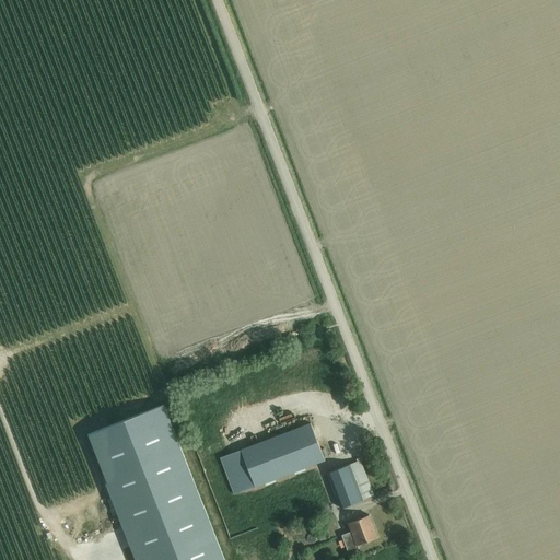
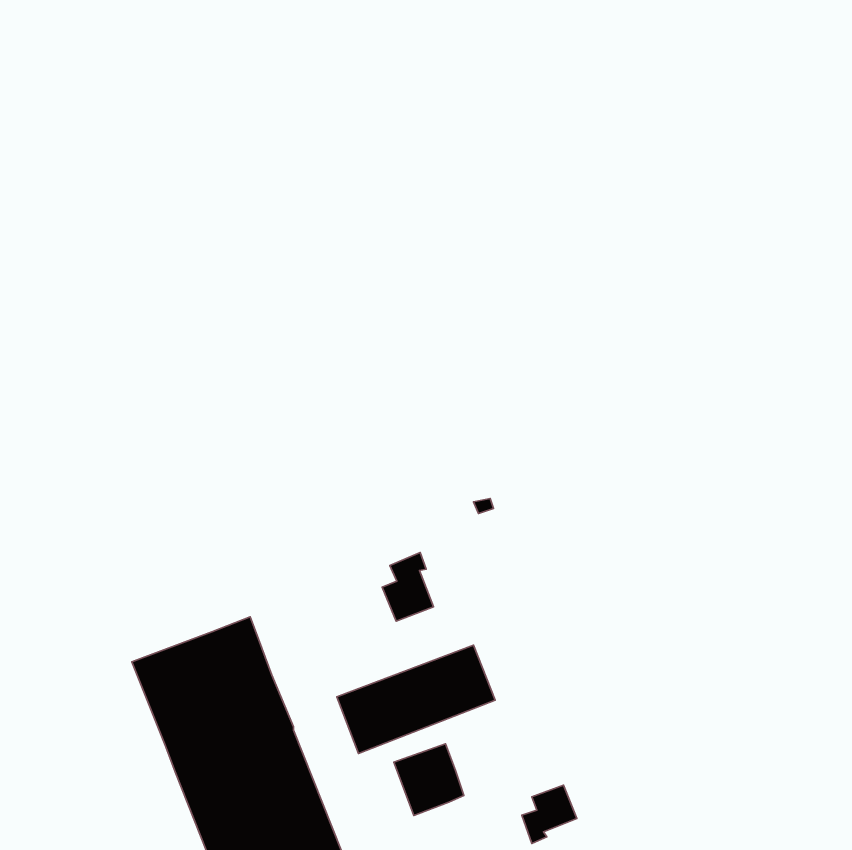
building: none -> [382,552,433,621]
building: [327,462,373,509] -> [394,744,464,816]

